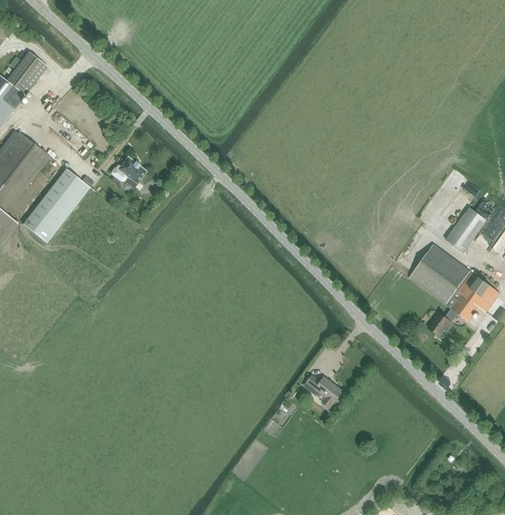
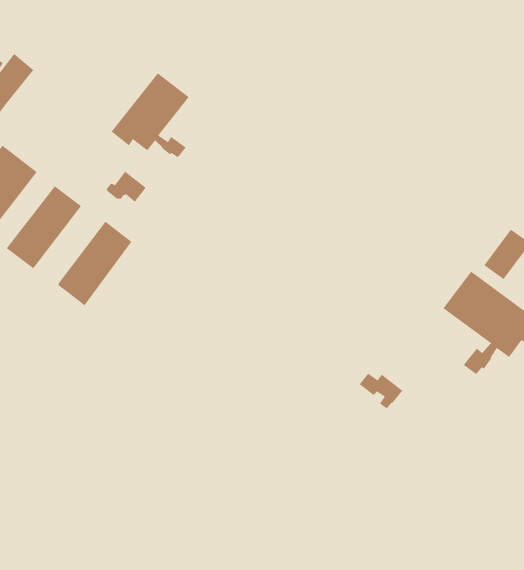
building: none -> [111,72,190,158]
building: none -> [58,221,132,306]
building: [303,374,342,406] -> [359,373,403,409]

